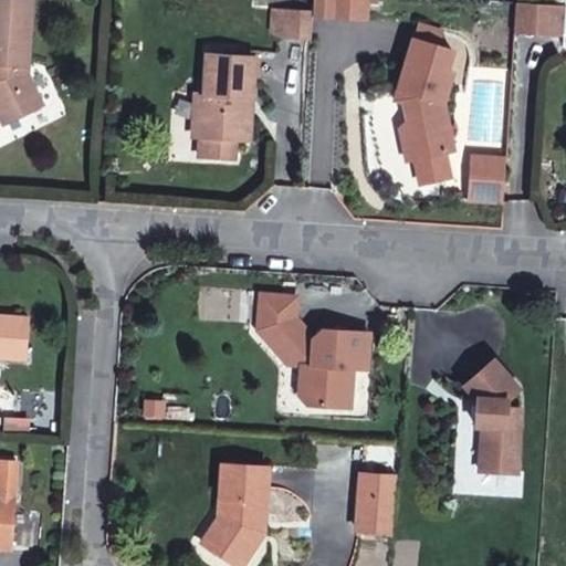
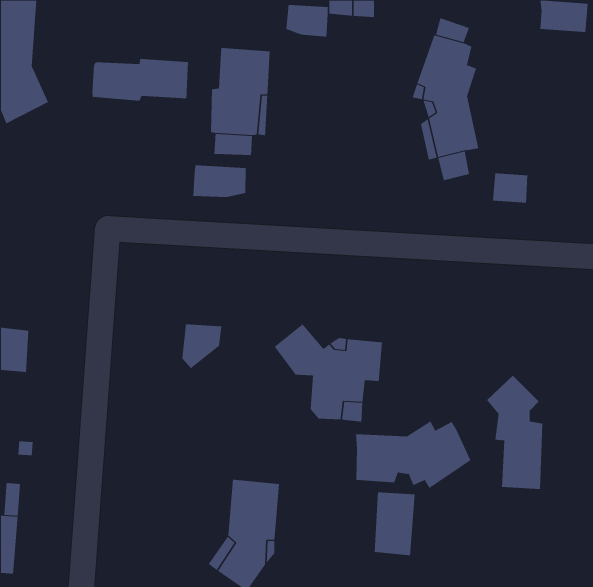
building: none -> [92,58,188,102]
building: none -> [193,165,246,198]
building: [252,293,291,336] -> [182,324,222,369]
building: none -> [356,420,472,489]

